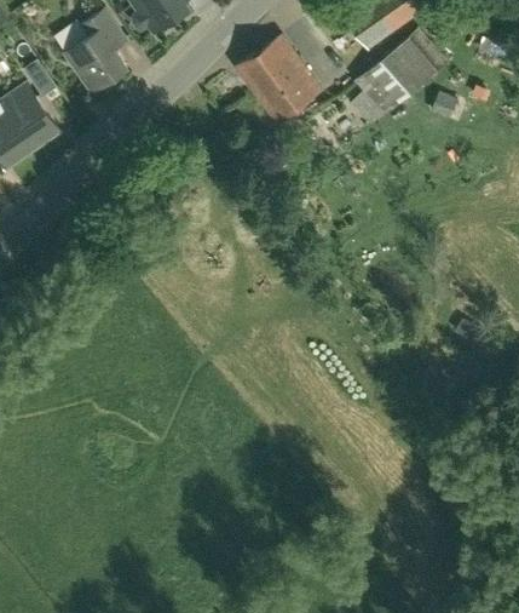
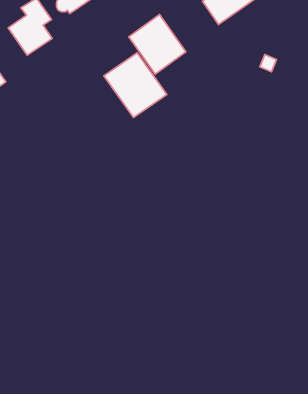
building: [358,39,437,114] -> none
building: none -> [104,53,167,118]

